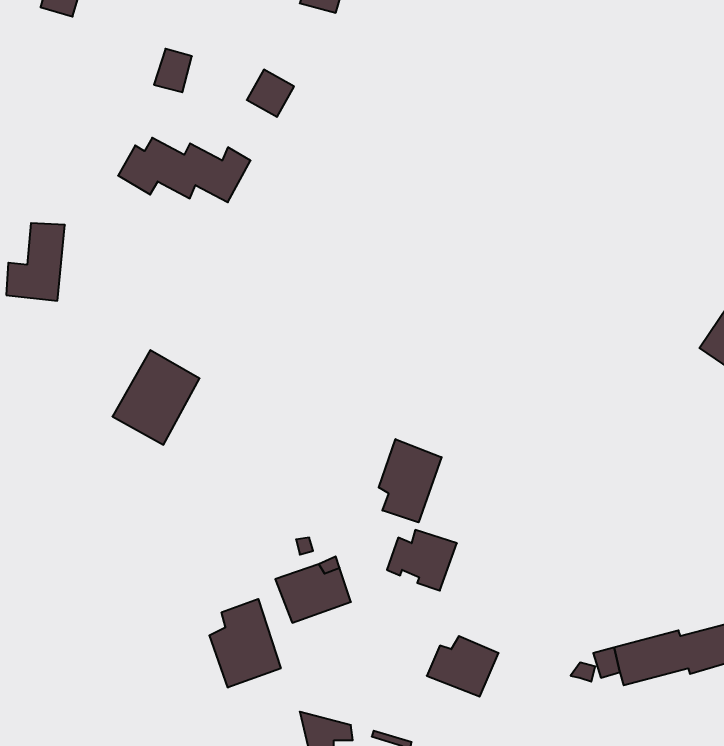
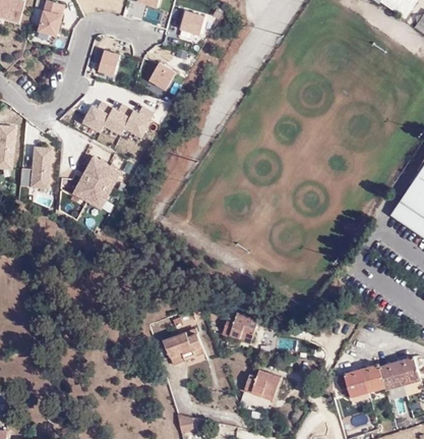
building: [112,350,200,445] -> [72,158,119,209]
building: [379,439,442,522] -> none
building: [209,599,281,688] -> none

